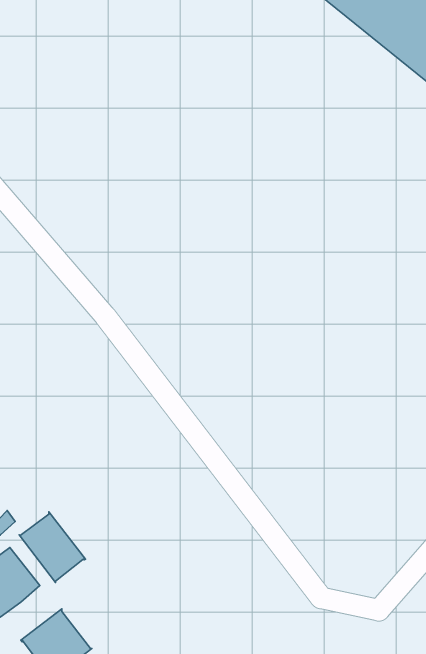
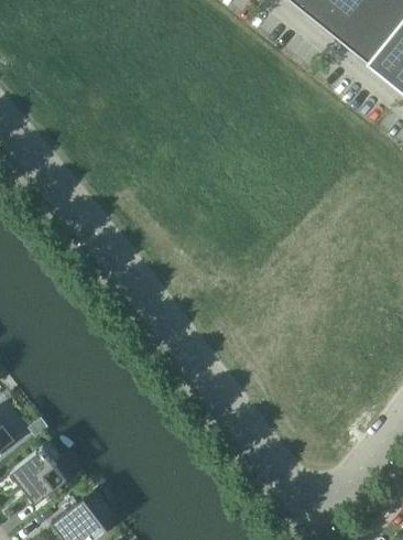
building: [19,512,85,583] -> none

